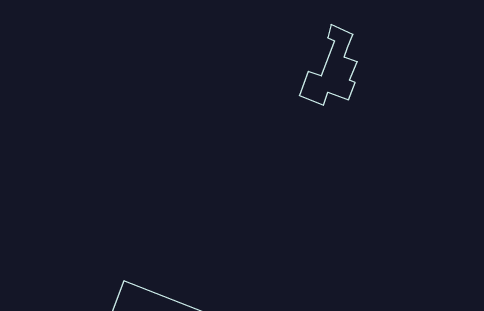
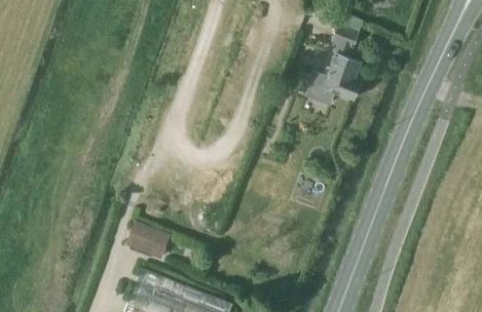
building: none -> [124,217,171,260]

